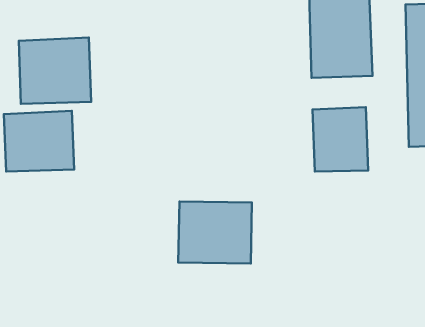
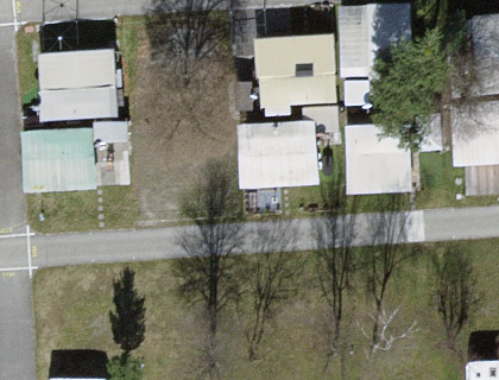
building: none -> [255,34,335,109]
building: [178,201,252,263] -> [240,122,317,188]

